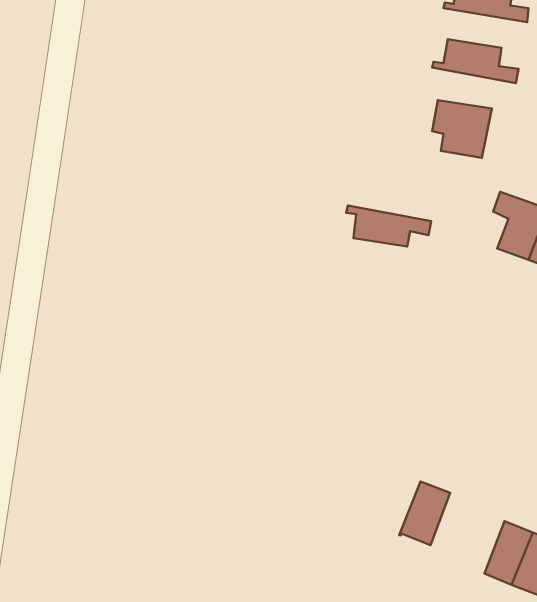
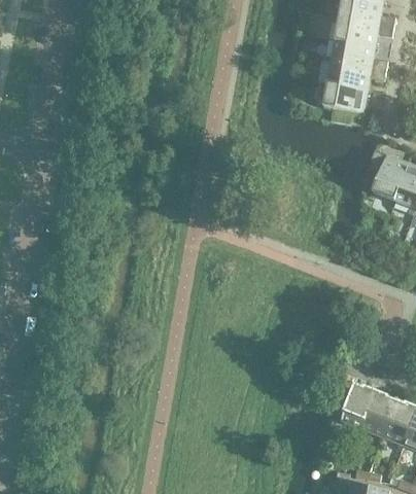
building: none -> [332,16,393,45]
building: [346,206,431,247] -> [323,60,385,90]
building: [399,481,450,545] -> [340,382,377,428]

